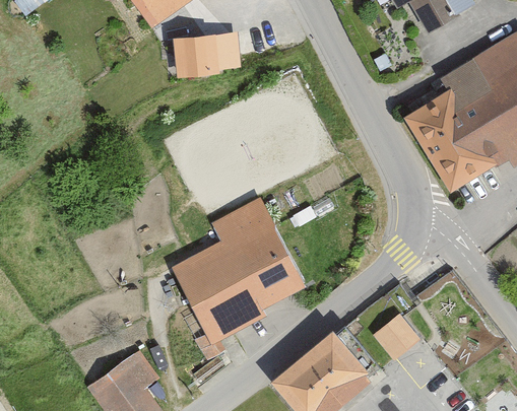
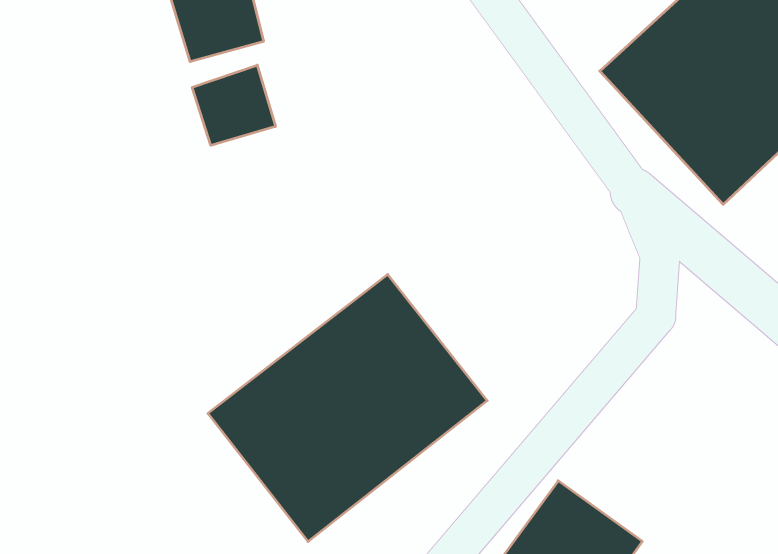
building: none -> [192,65,275,145]
building: [380,318,421,358] -> none

